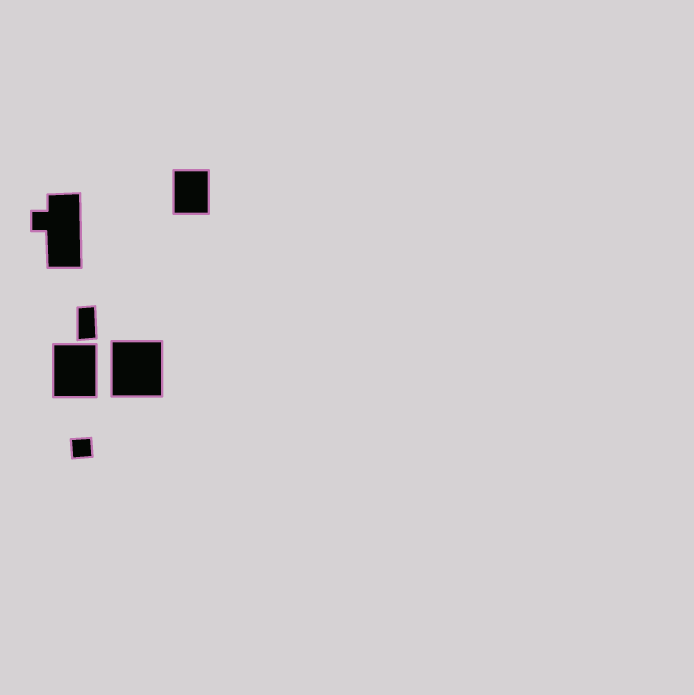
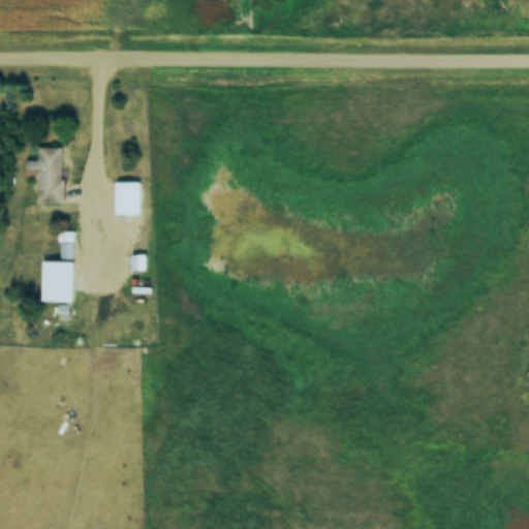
building: [174,170,209,214] -> [115,182,142,215]
building: [112,341,162,396] -> none

